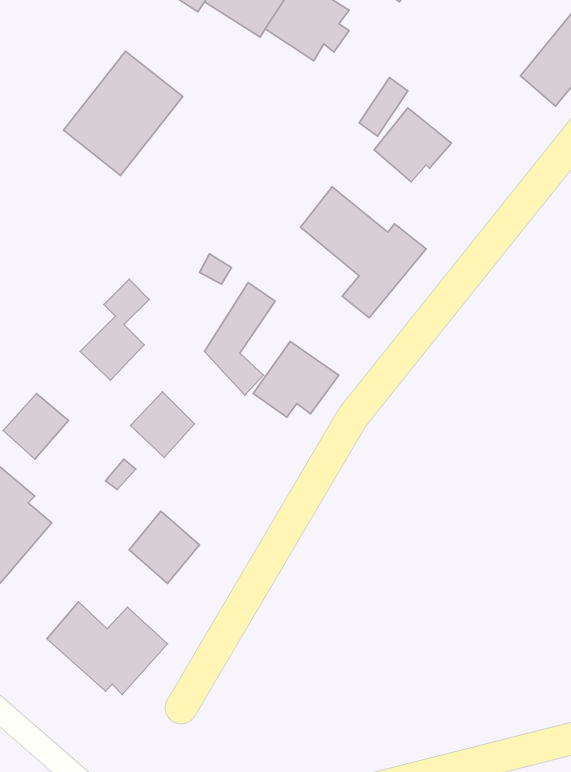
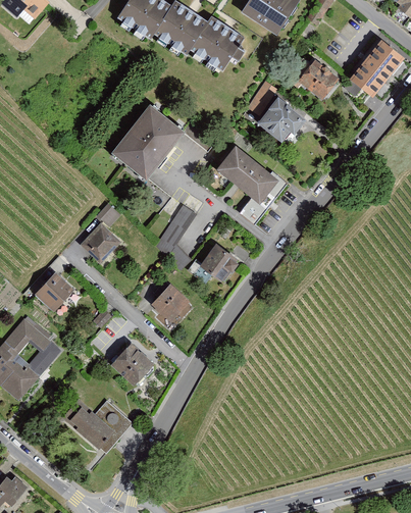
building: none -> [297,58,339,100]
building: [63,51,183,176] -> [109,103,182,178]
building: [131,392,194,457] -> [154,285,193,324]

